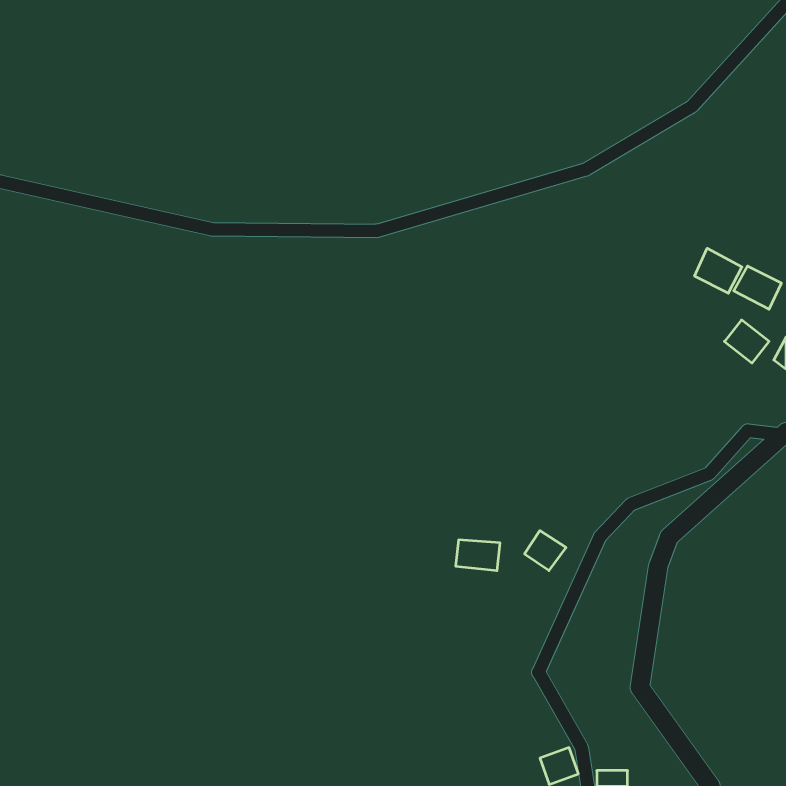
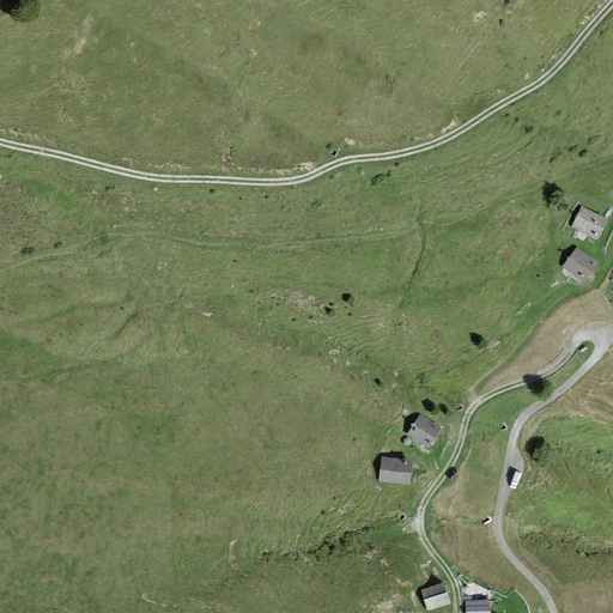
building: [695,248,742,293] -> none
building: [456,540,500,571] -> [376,459,411,482]

